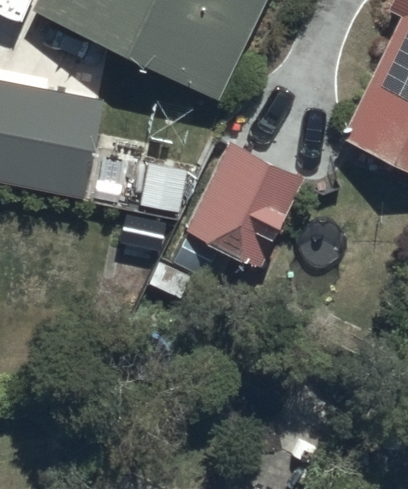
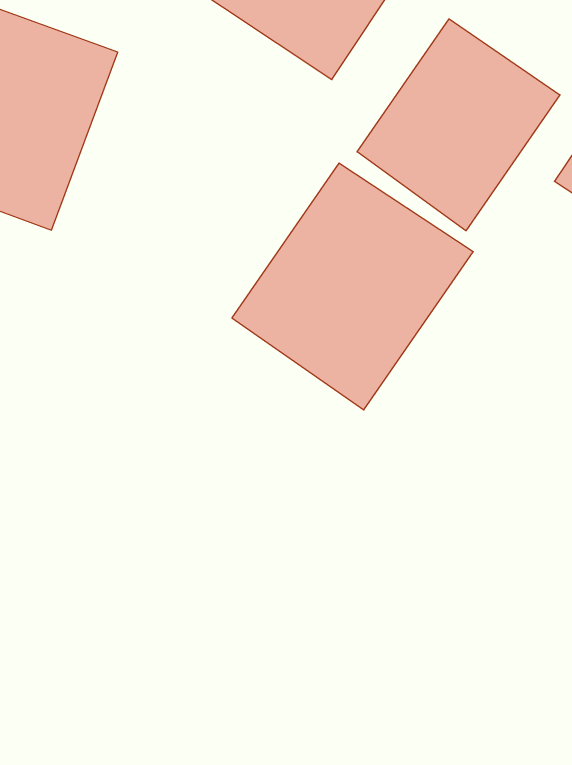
building: none -> [357,19,560,231]

